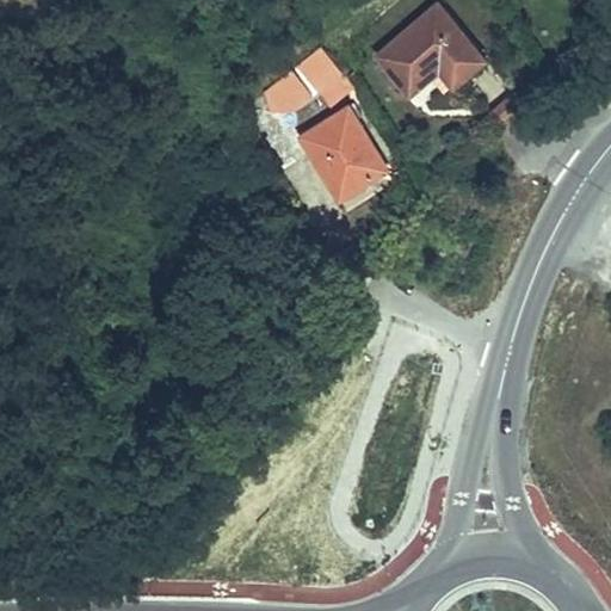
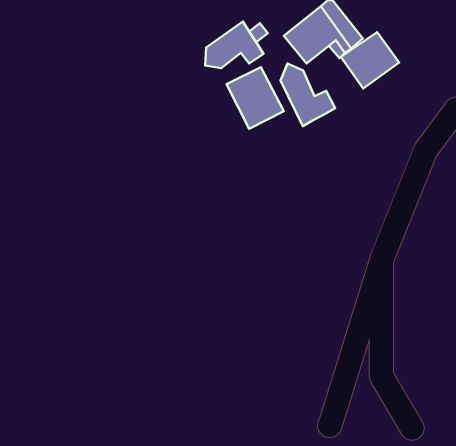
building: none -> [341,32,399,88]
building: none -> [281,63,335,126]

